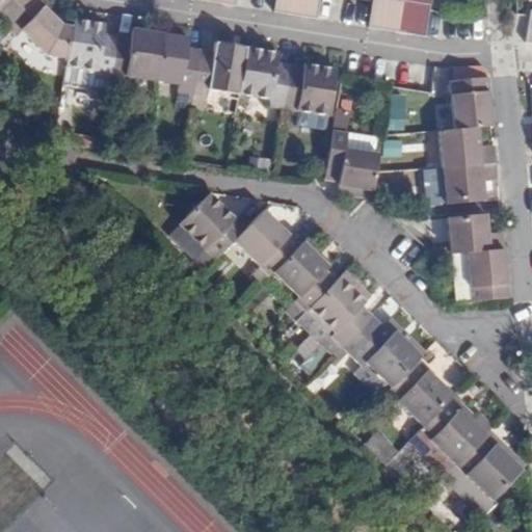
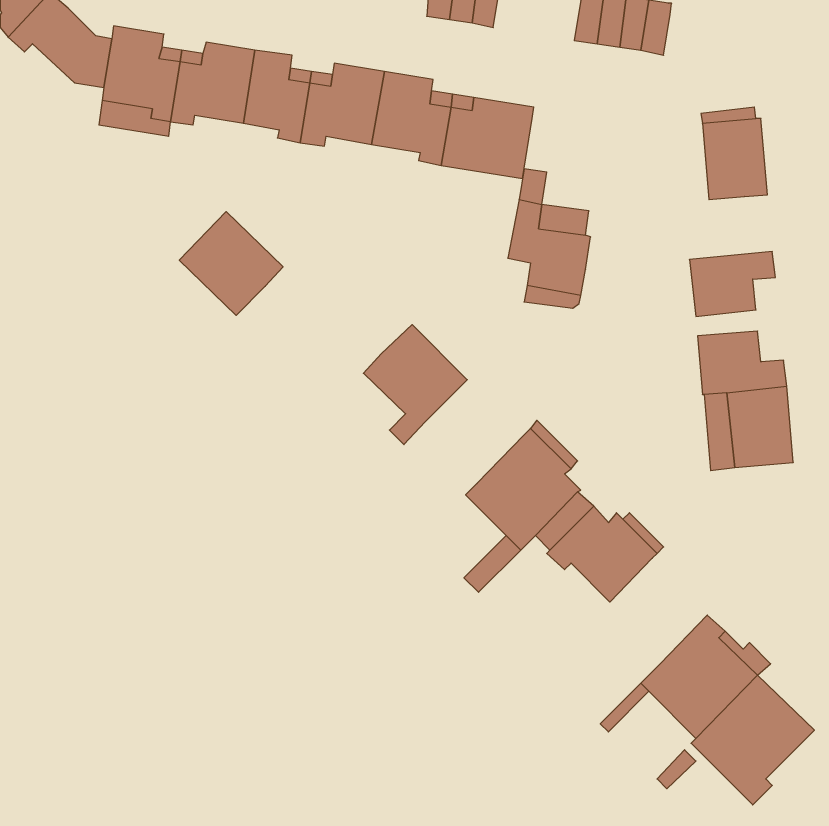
building: [438,126,495,166] -> none
building: [178,191,244,258] -> [179,212,283,315]
building: [272,239,336,310] -> none
building: [387,357,453,425] -> none

